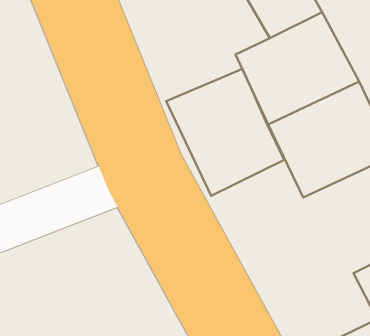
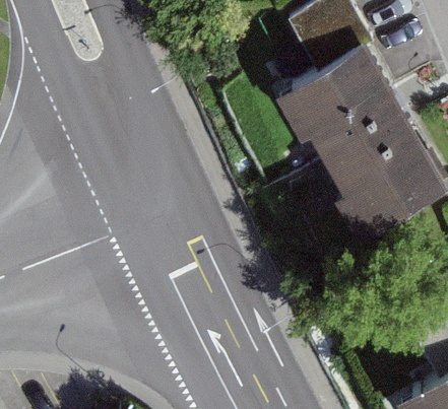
building: [166,69,284,196] -> none

